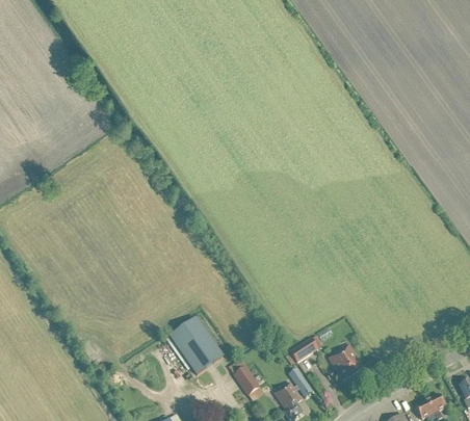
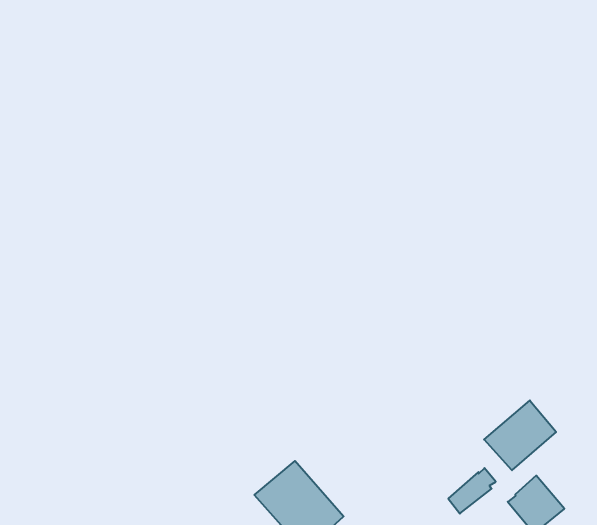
building: none -> [484,400,556,470]

